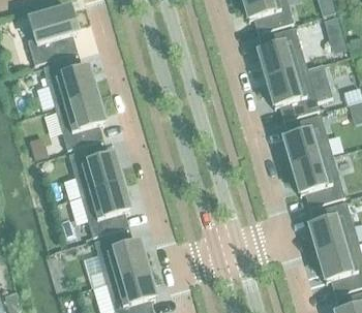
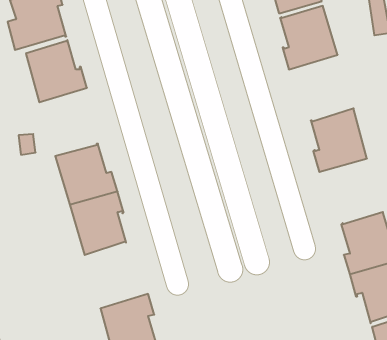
building: [266,65,332,121] -> none
building: [55,97,103,151] -> none
building: [292,157,344,209] -> none
building: [94,231,147,284] -> none

